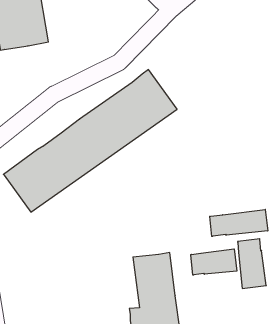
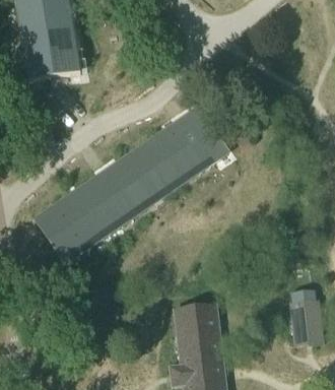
building: [210,209,268,236] -> none
building: [191,249,237,275] -> none

